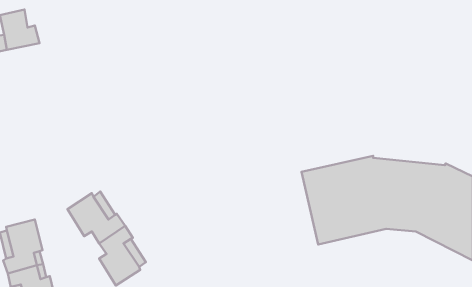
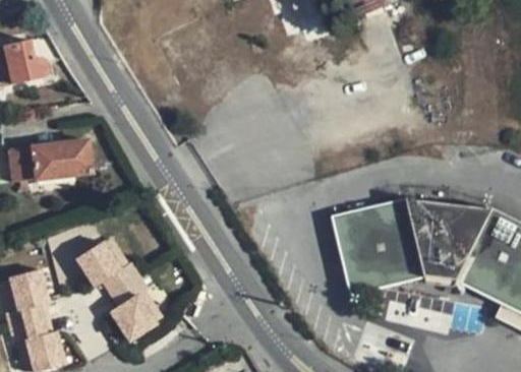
building: none -> [8,140,93,182]

